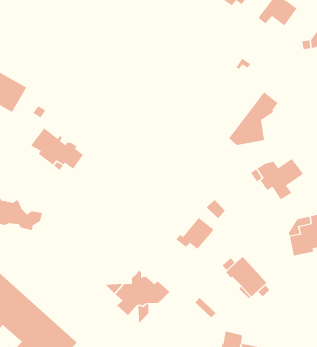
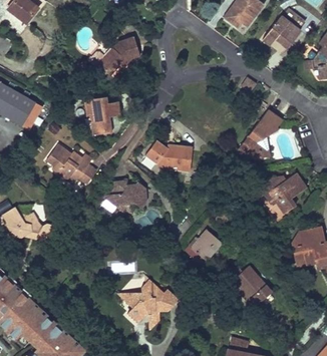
building: none -> [97,37,139,76]
building: none -> [83,97,120,135]
building: none -> [144,140,192,172]
building: none -> [105,181,146,213]

